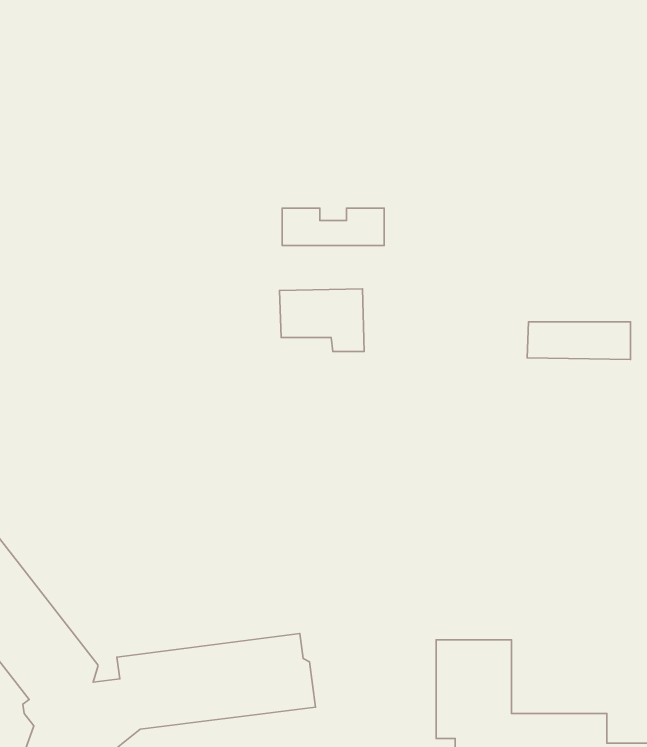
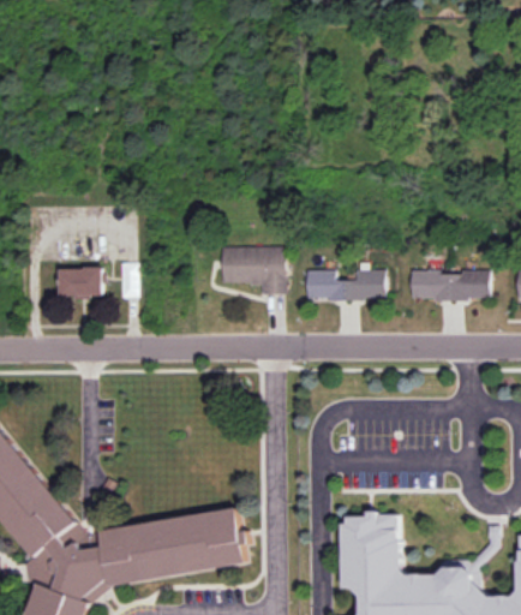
building: [282,208,384,246] -> [307,270,385,299]
building: none -> [59,268,103,298]

